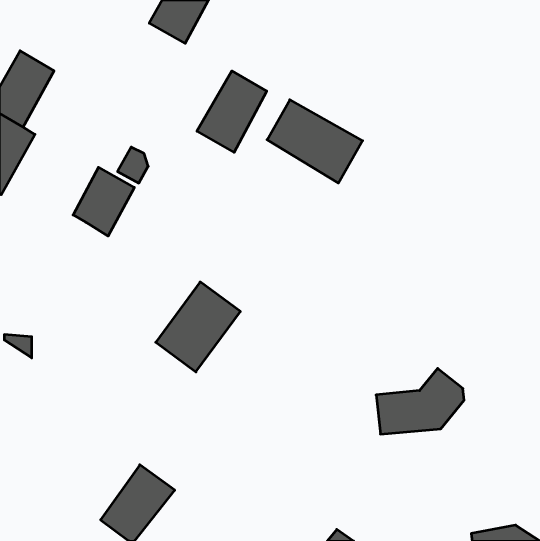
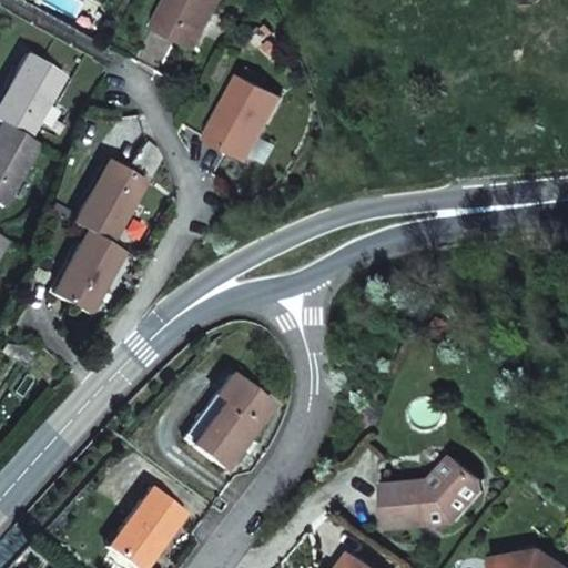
building: [267,100,363,183] -> none
building: none -> [60,233,128,308]
building: [156,282,240,372] -> [181,373,270,467]
building: [376,368,464,434] -> [387,458,479,527]

